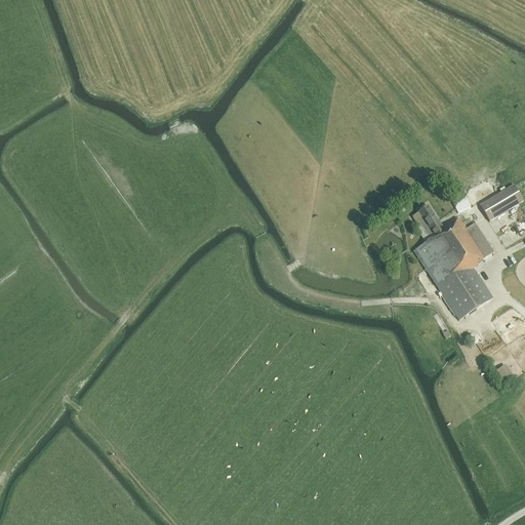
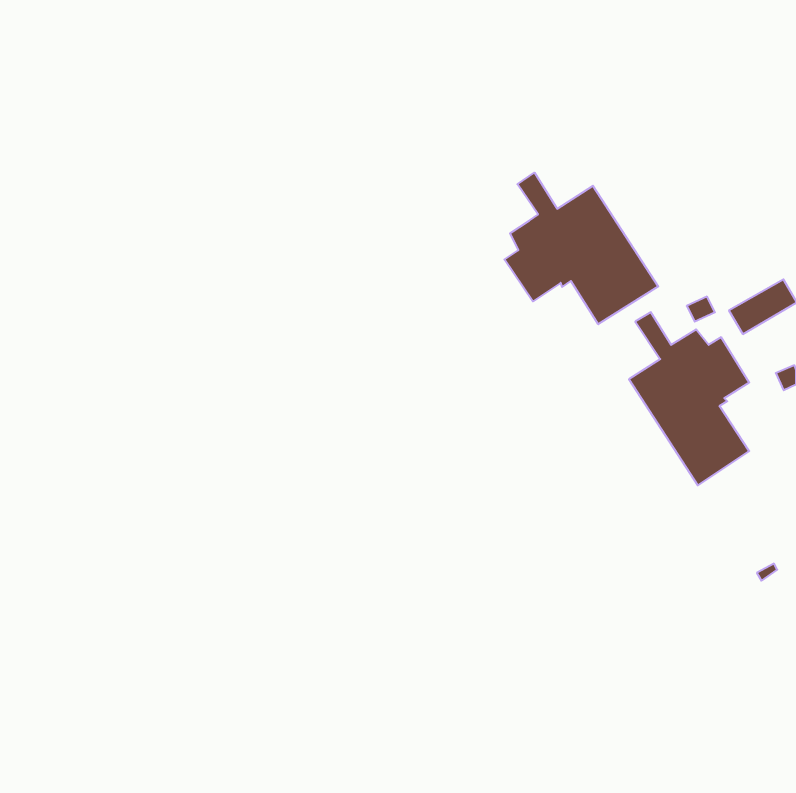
building: none -> [504,173,658,324]

